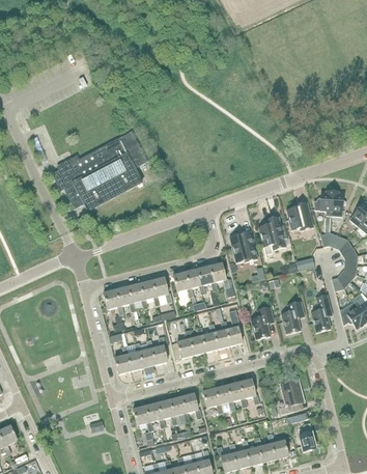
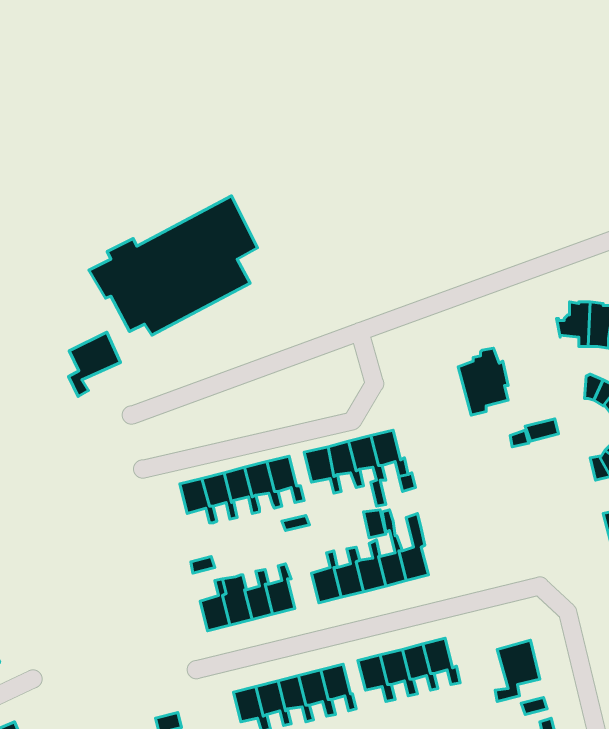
building: [285,201,313,229] -> none
building: none -> [69,332,120,396]
building: [229,230,257,262] -> none
building: [311,294,332,331] -> none
building: [281,300,304,332] -> none
building: [250,305,274,337] -> none

